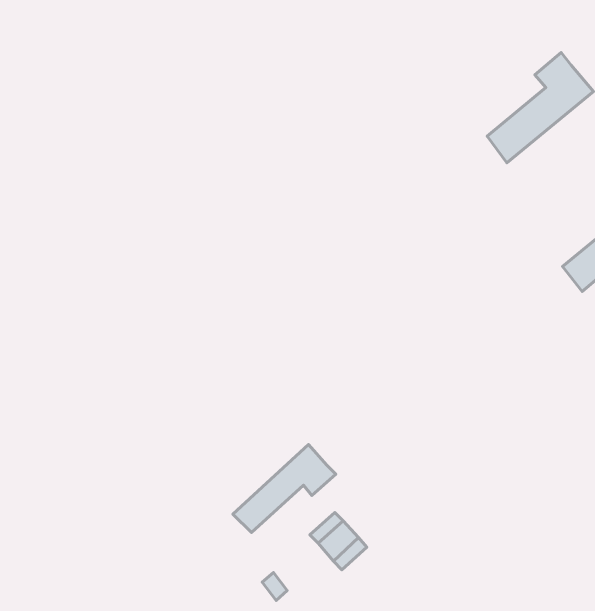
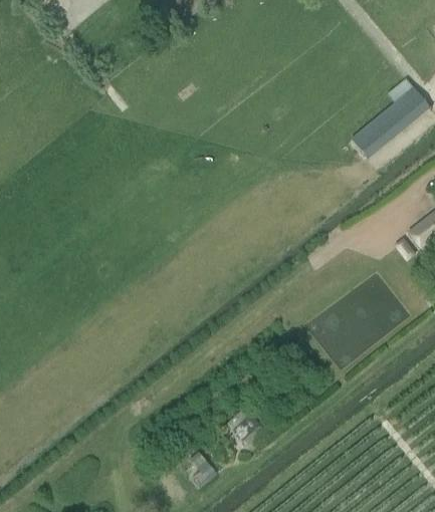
building: [233,445,336,532] -> none

